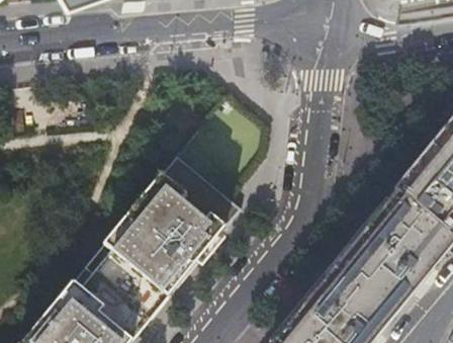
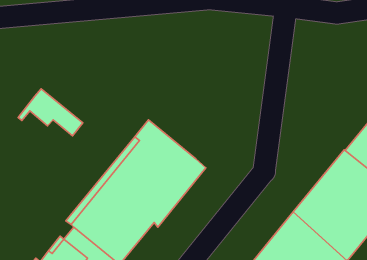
building: none -> [18,89,83,136]

